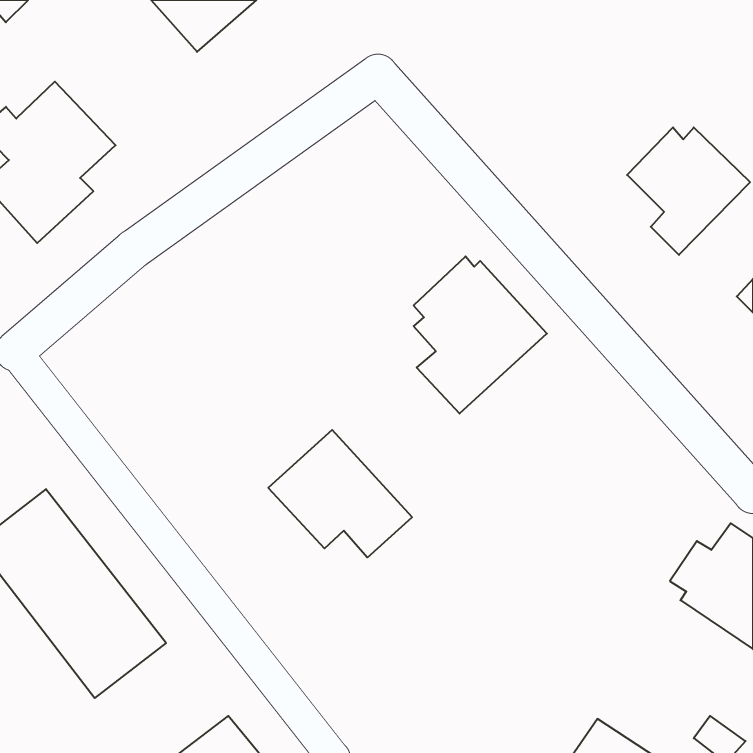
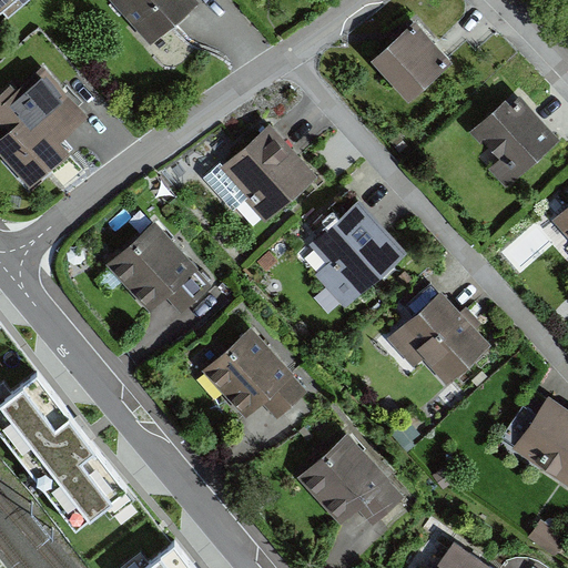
building: none -> [368,22,450,102]
building: none -> [222,126,316,230]
building: none -> [106,223,213,317]
building: none -> [392,293,493,385]
building: none -> [300,433,406,530]

